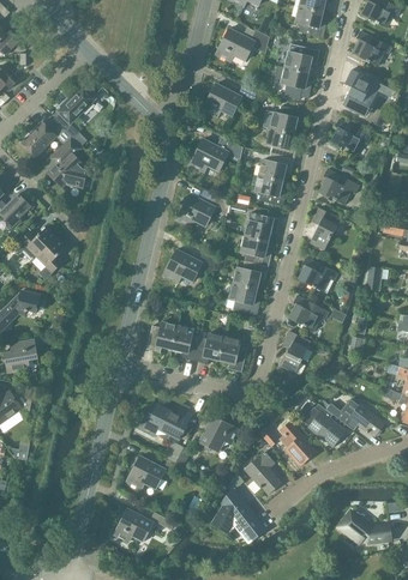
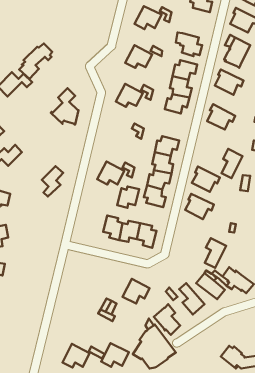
building: [284,44,319,73] -> none
building: [47,137,86,188] -> [51,88,79,125]
building: [256,175,286,206] -> none
building: [176,194,215,226] -> none
building: [310,207,340,249] -> [221,149,243,178]
building: [37,236,67,279] -> [42,166,63,197]
building: [146,322,178,352] -> [117,187,139,208]
building: [281,331,311,373] -> [205,238,226,268]
building: [139,401,197,439] -> none
building: [126,455,166,489] -> [101,343,129,367]

